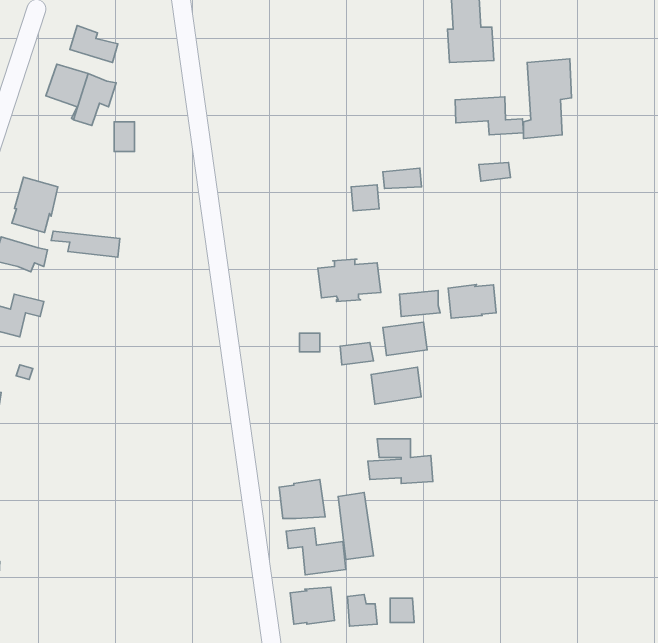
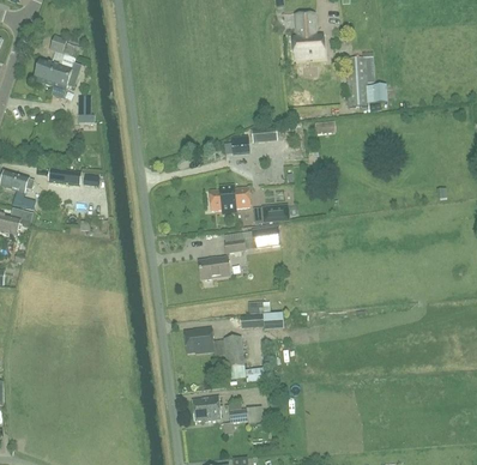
building: [455,97,523,135] -> none
building: [12,177,58,232] -> none
building: [448,285,496,318] -> none
building: [371,367,421,404] -> [198,255,230,279]
building: [286,528,346,575] -> none

